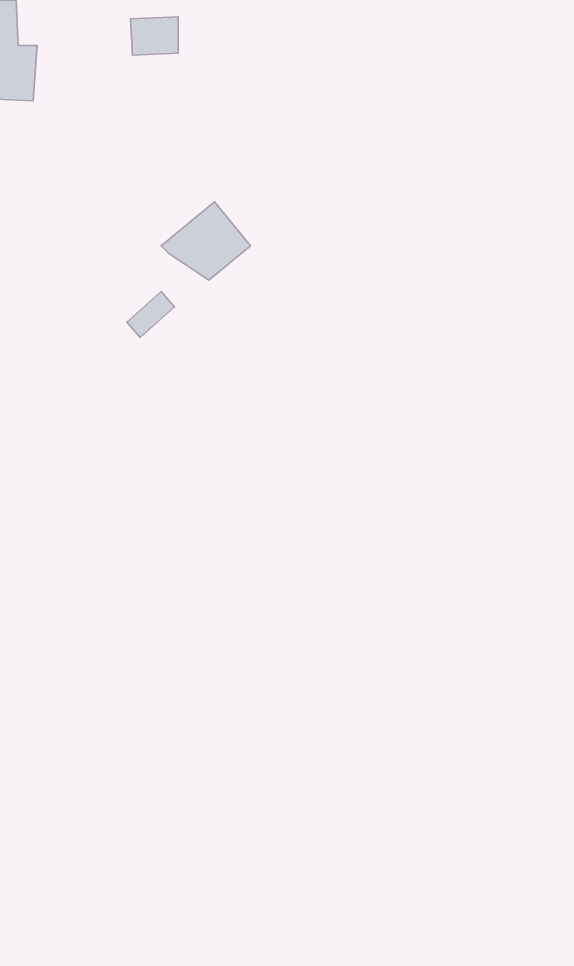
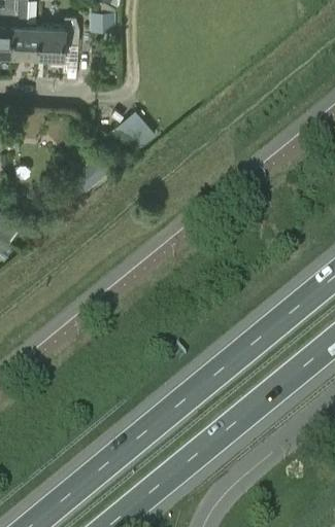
building: none -> [37,20,79,60]

